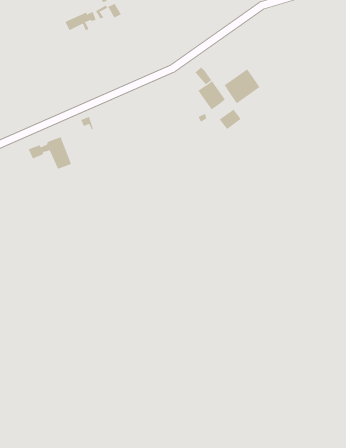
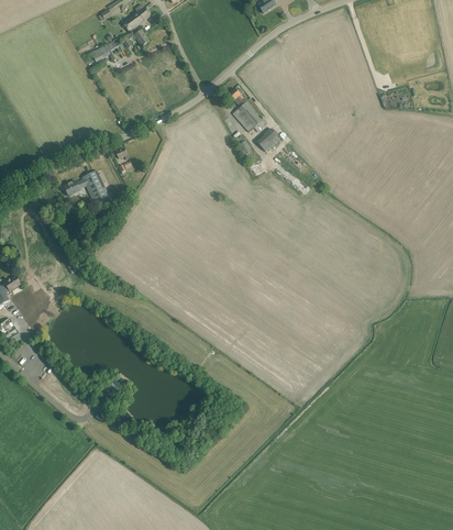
building: [224,68,260,104] -> none

